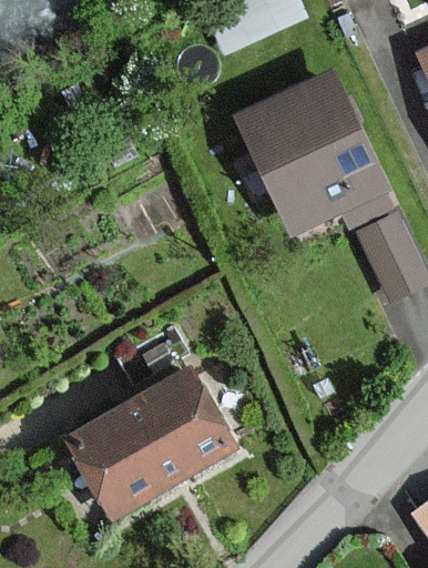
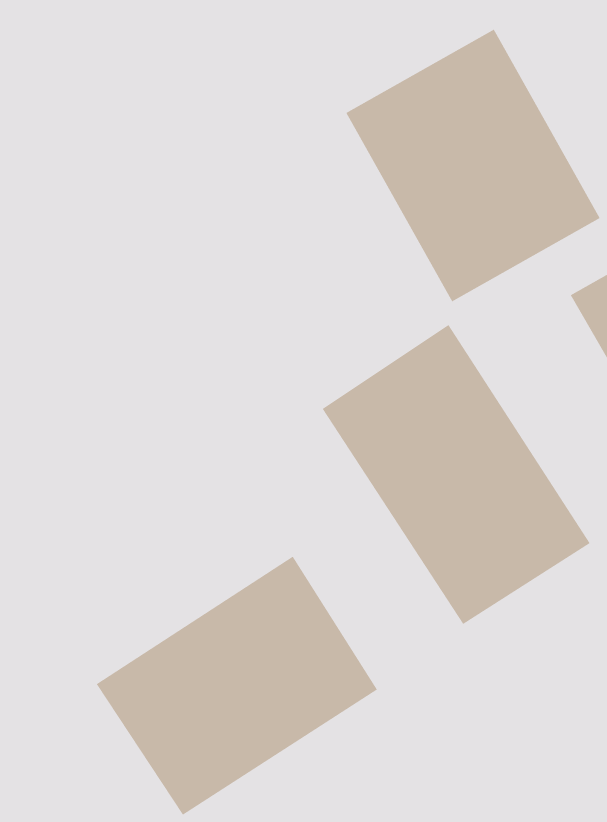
building: none -> [322,324,591,625]

